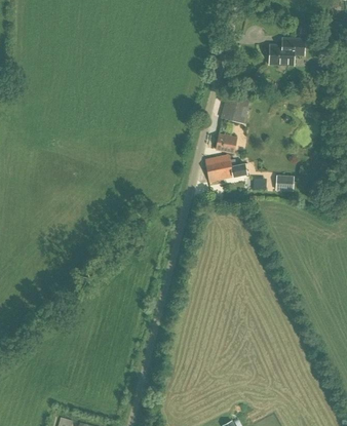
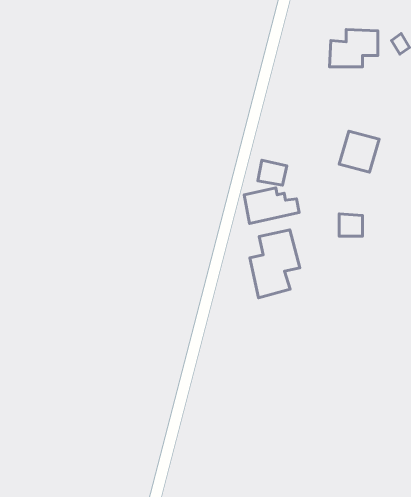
building: [221,92,250,123] -> [339,131,379,172]
building: none -> [250,230,300,298]

